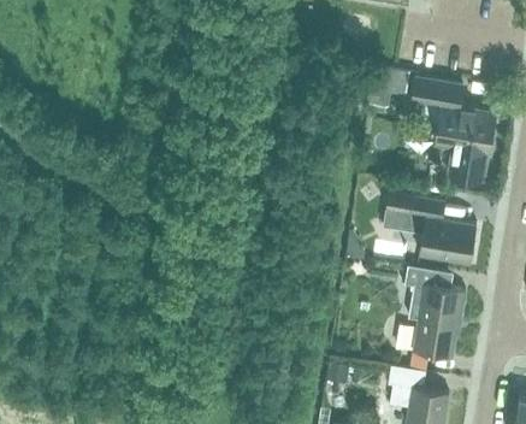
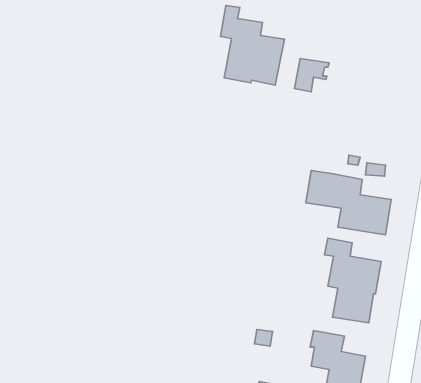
building: none -> [220,5,284,85]
building: [412,78,495,181] -> none

